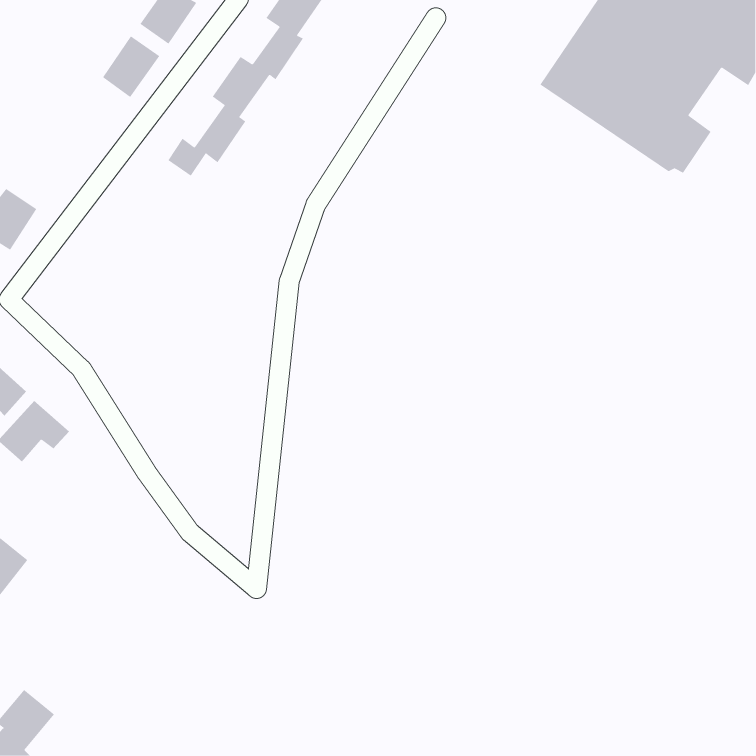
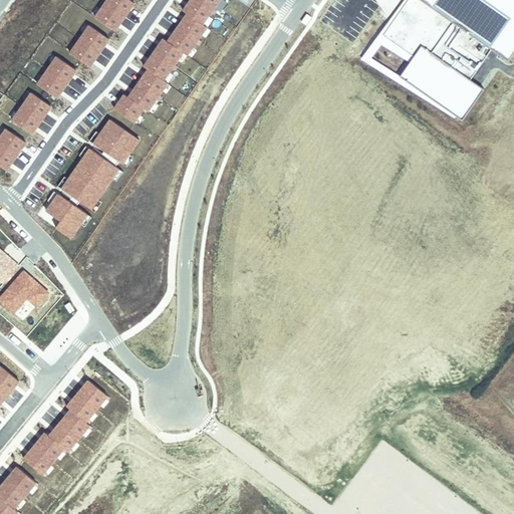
building: none -> [36,55,76,97]
building: none -> [11,91,50,134]
building: none -> [61,118,139,208]
building: none -> [46,193,86,237]
building: none -> [23,377,109,473]

